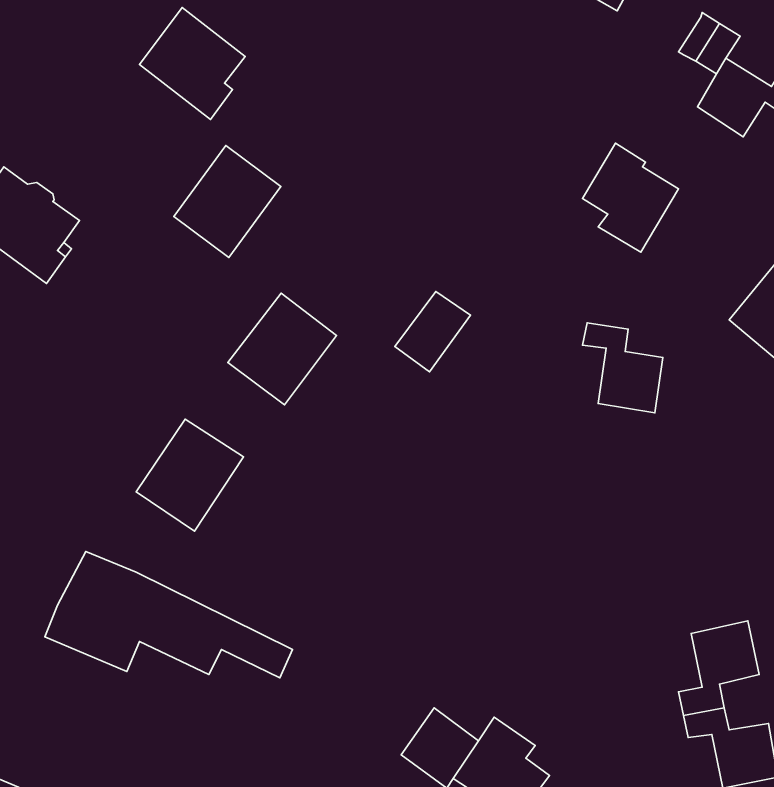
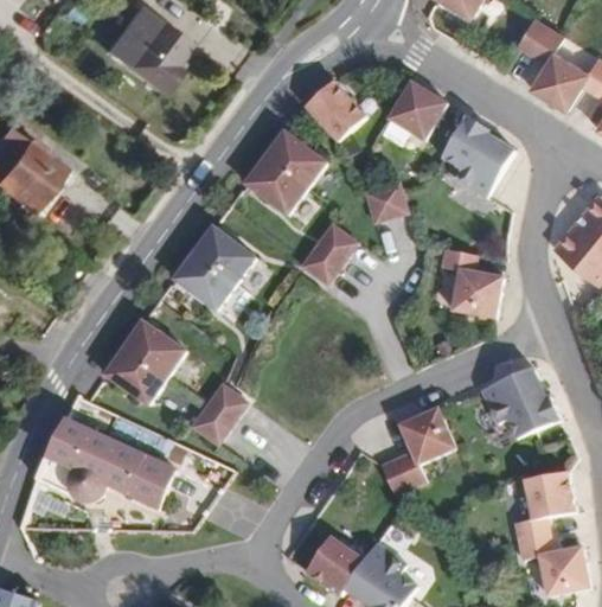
building: none -> [306,77,366,138]
building: none -> [389,77,447,135]
building: [174,146,281,258] -> [245,128,326,212]
building: none -> [364,179,408,219]
building: none -> [480,365,559,442]
building: none -> [191,383,248,443]
building: none -> [379,408,454,493]

